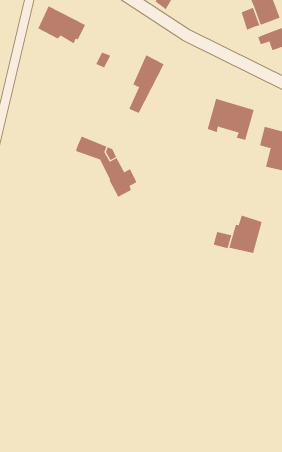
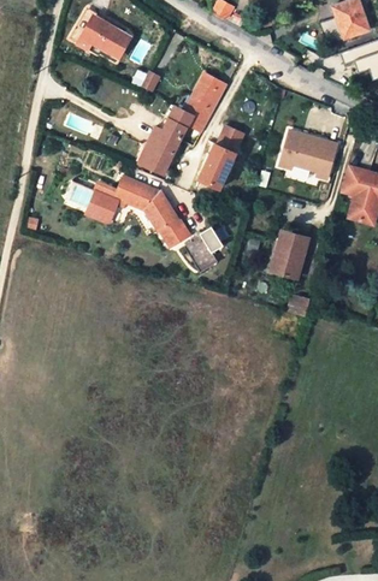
building: none -> [137,108,193,176]
building: none -> [199,126,242,189]
building: none -> [83,182,116,221]
building: none -> [183,227,220,271]
building: [229,215,262,254] -> [266,229,308,277]

